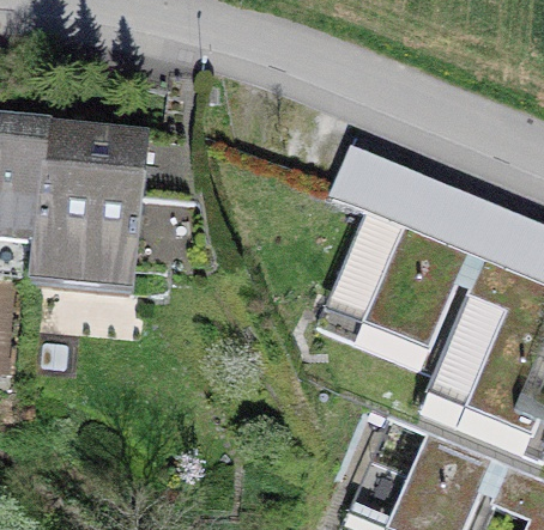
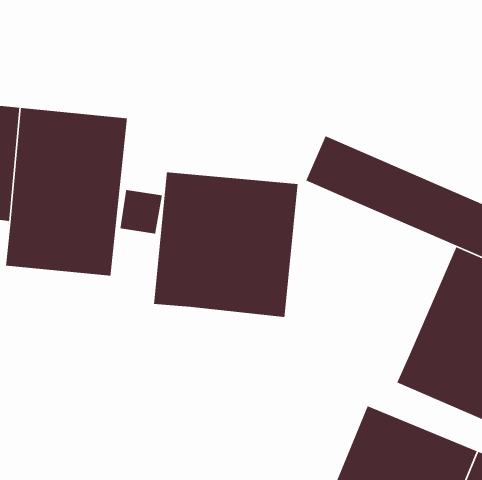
building: none -> [153,171,298,318]
building: [330,213,484,367] -> none

